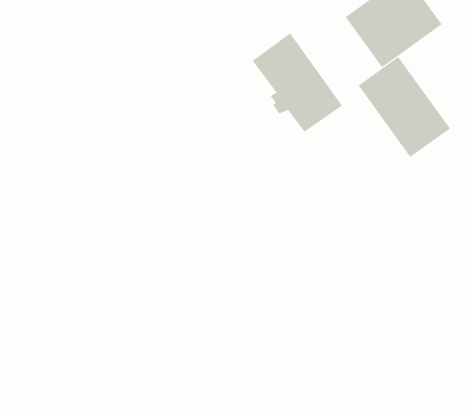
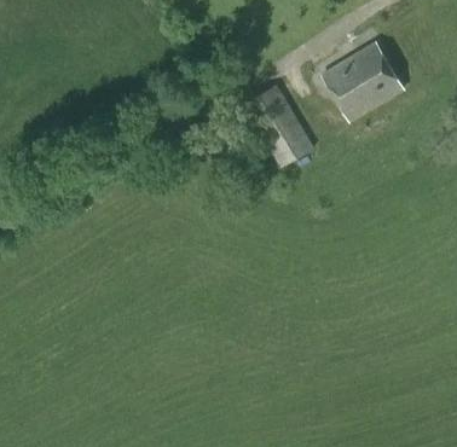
building: [358,56,451,158] -> none

